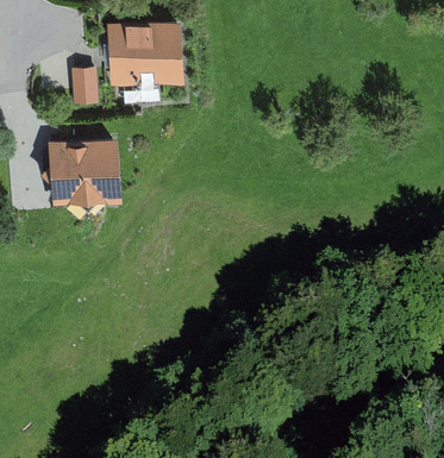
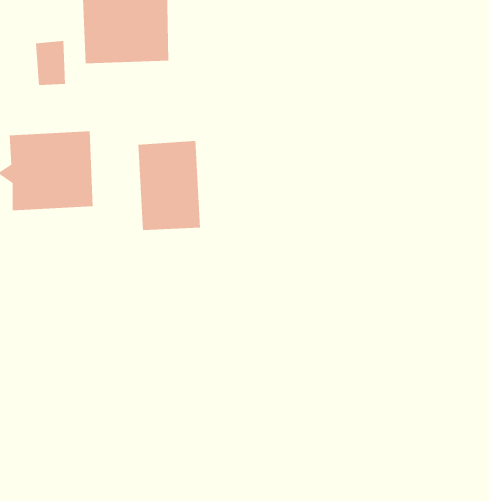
building: none -> [138,140,200,231]

